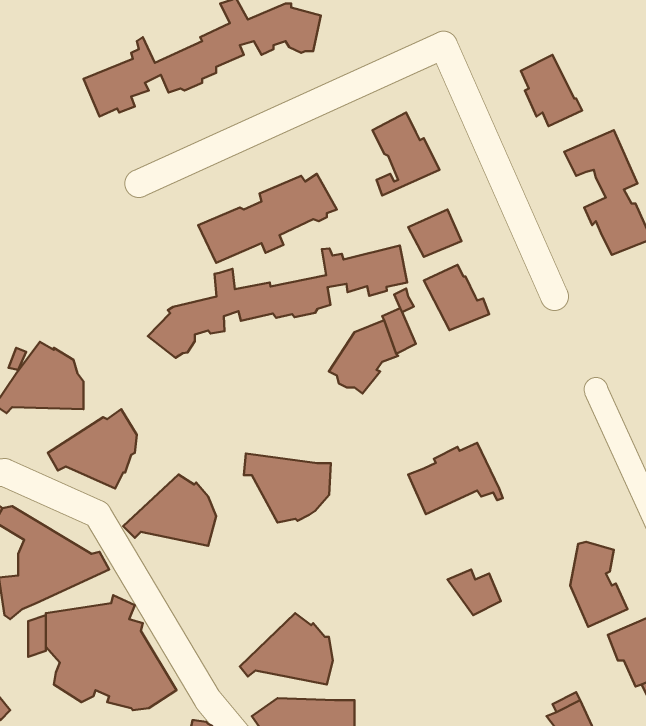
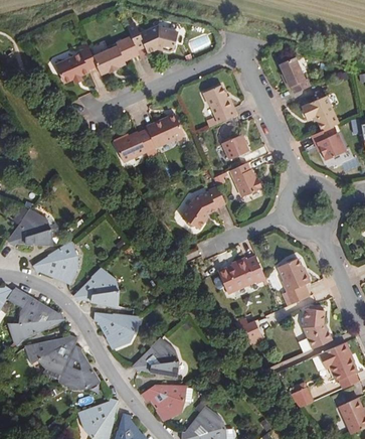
building: [148,245,407,358] -> none
building: none -> [277,258,309,305]
building: [244,453,331,523] -> [94,310,138,345]

